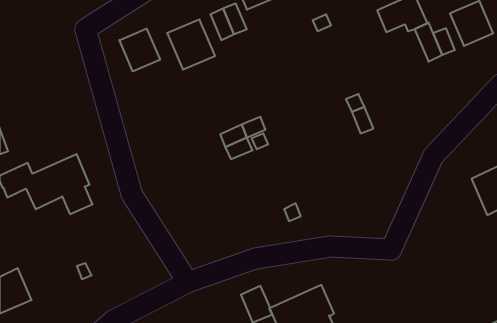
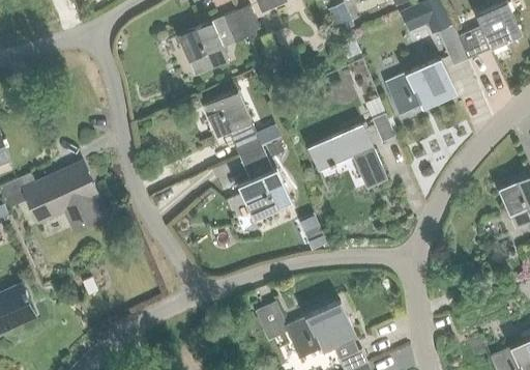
building: [119,29,160,71] -> none
building: none -> [385,58,452,113]
building: none -> [203,91,251,137]
building: none -> [307,123,386,189]
building: none -> [238,169,291,220]

